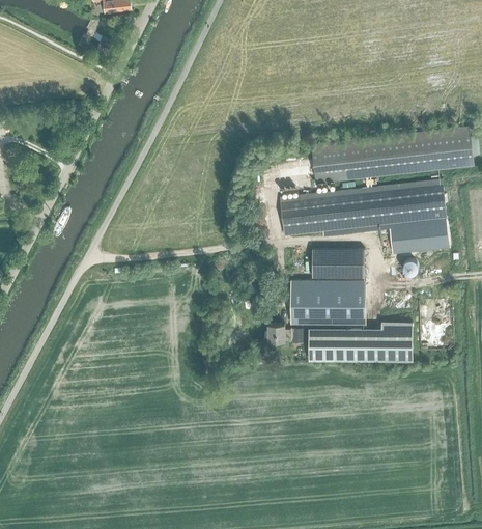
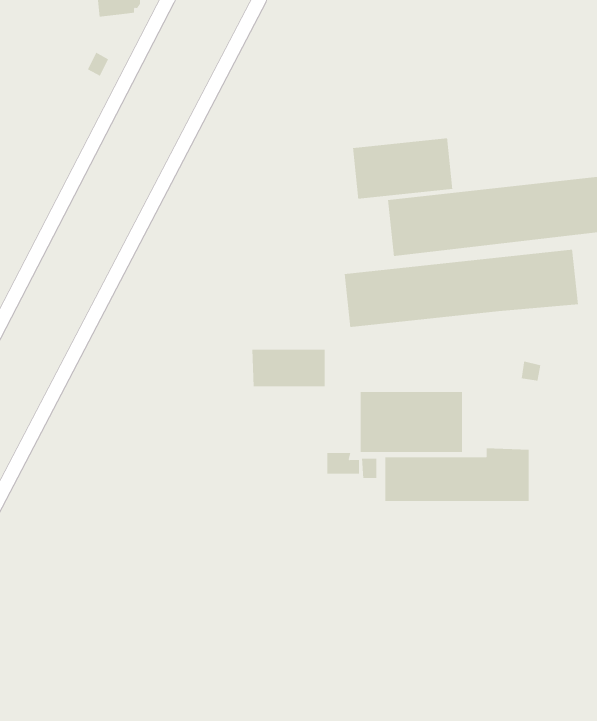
building: none -> [352,138,453,199]
building: [390,220,450,256] -> none
building: [311,251,364,278] -> [252,349,326,387]

